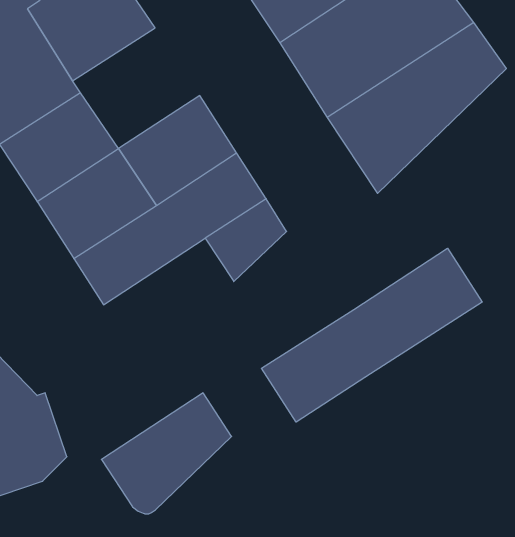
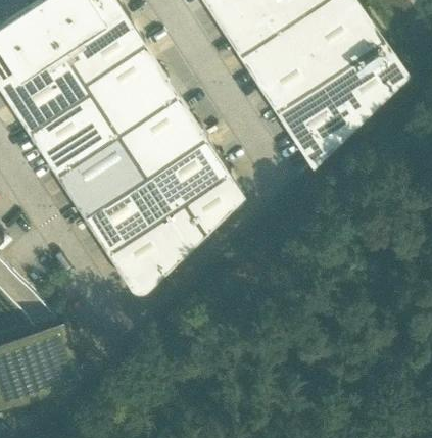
building: none -> [81,40,177,131]
building: [261,248,482,422] -> none
building: [101,393,232,514] -> [104,198,202,289]

